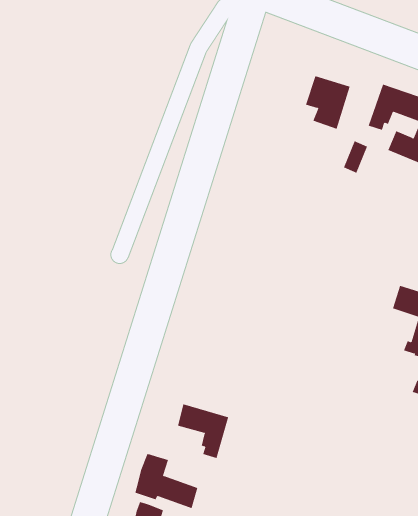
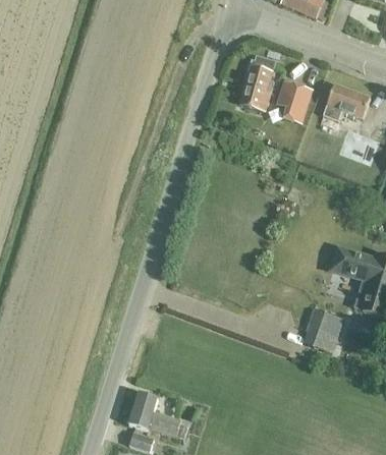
building: none -> [240,56,276,111]
building: none -> [302,308,341,352]
building: [178,403,229,459] -> none

